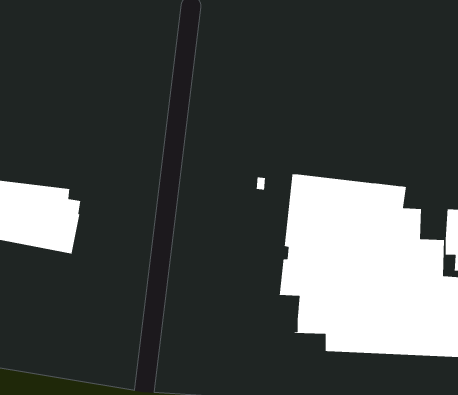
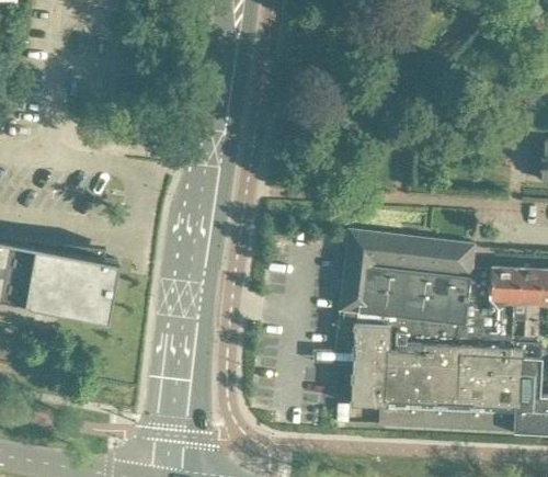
building: none -> [490,268,518,303]

